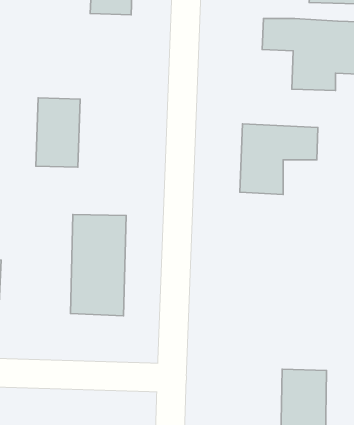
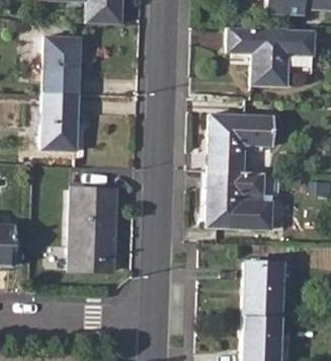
building: none -> [44,35,80,93]
building: none -> [208,169,272,228]
building: none -> [243,261,280,315]

